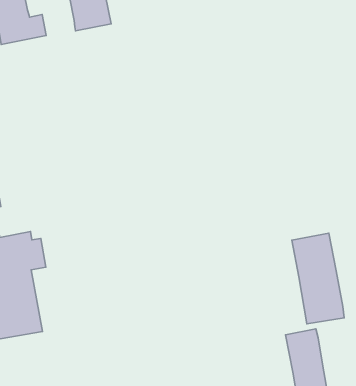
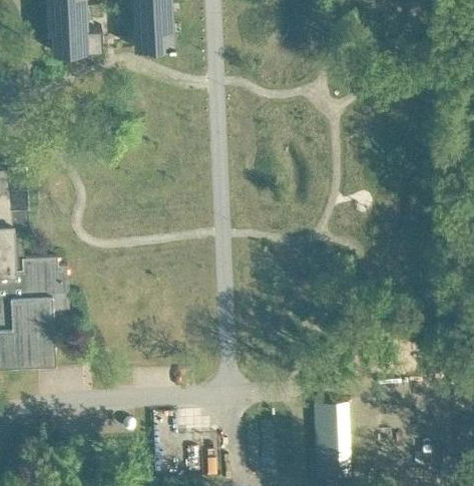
building: [292,233,344,324] -> none

